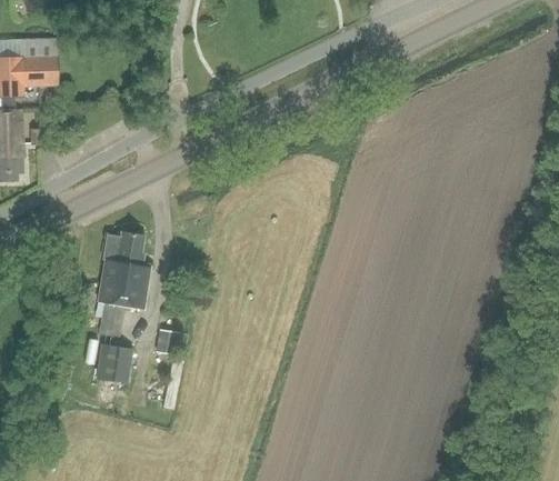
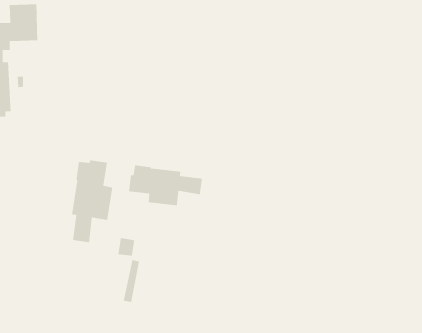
building: none -> [128,165,203,206]
building: [97,343,134,383] -> none

